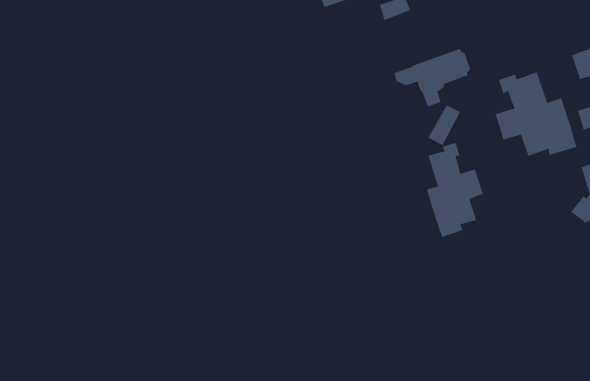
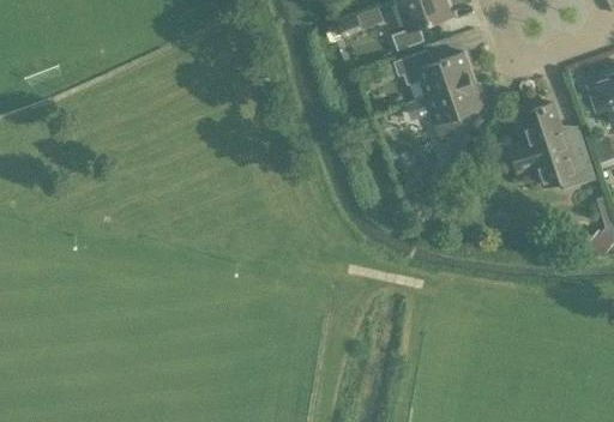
building: none -> [393,49,475,96]
building: [426,142,483,238] -> none

